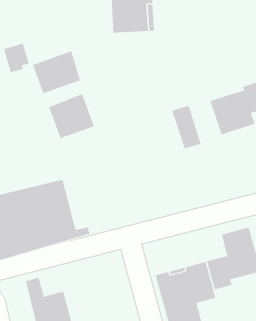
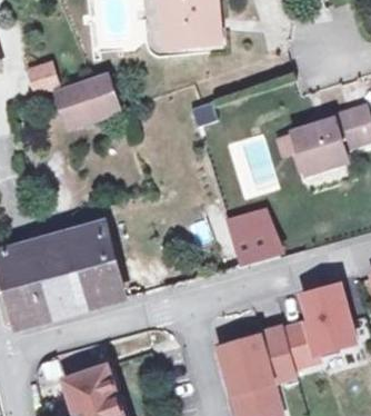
building: [49,93,94,139] -> none
building: none -> [233,212,279,267]

